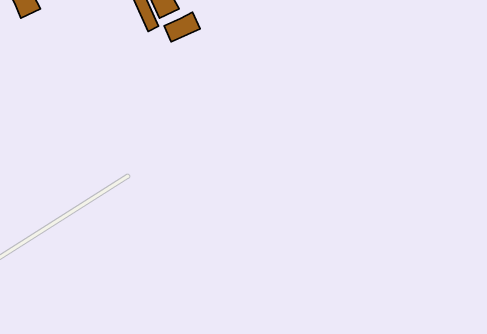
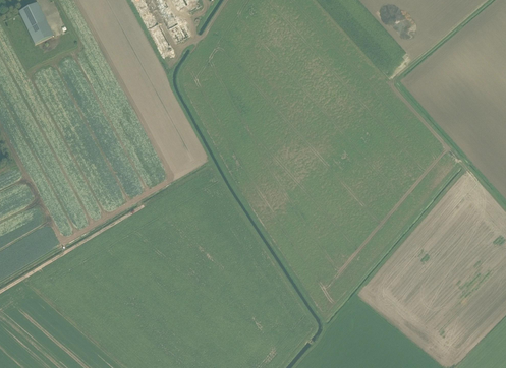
building: [164,12,200,42] -> none

